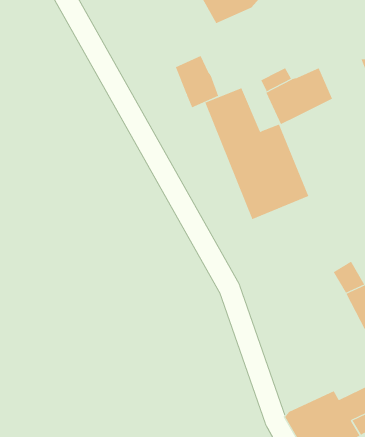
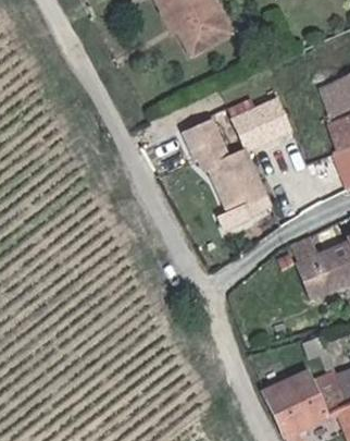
building: [175,55,219,108] -> none

